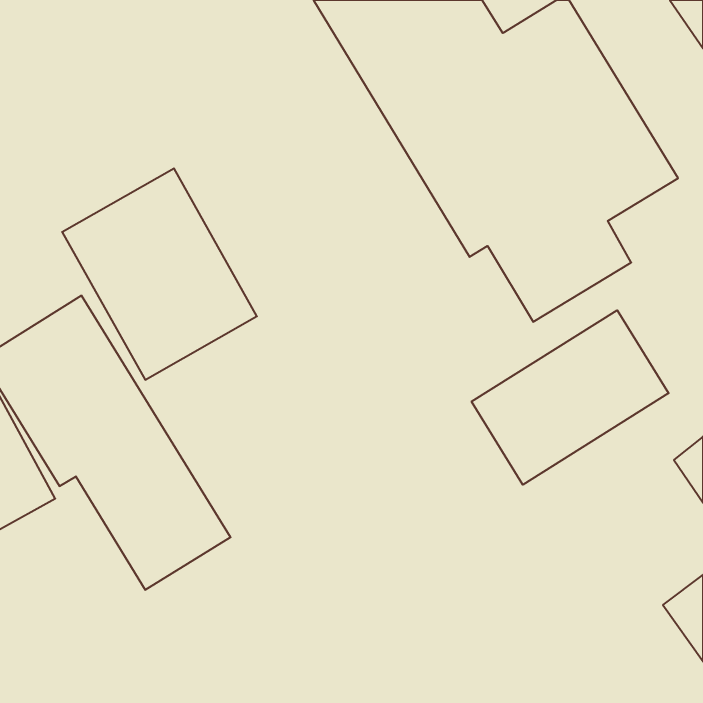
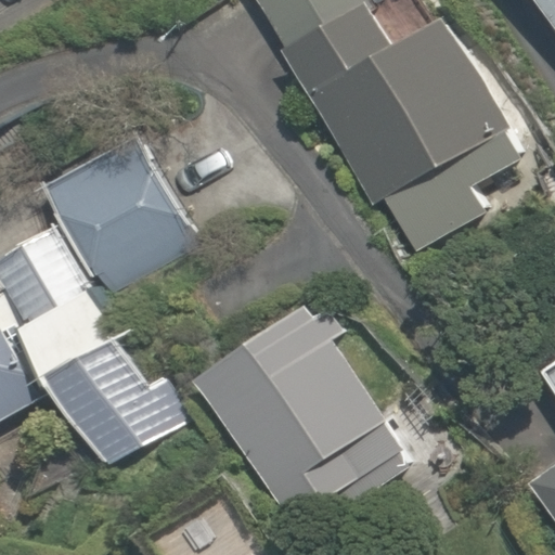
building: [472,310,669,485] -> none
building: none -> [190,298,398,524]

